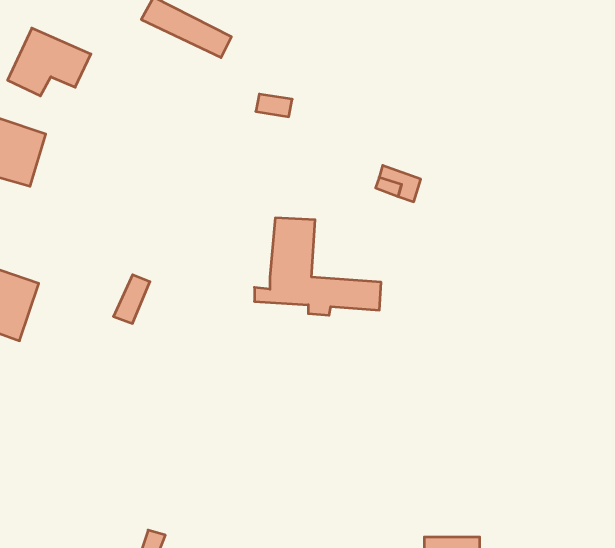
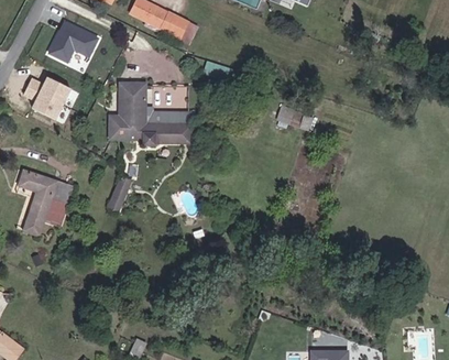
building: [254,218,381,315] -> [108,79,188,141]

